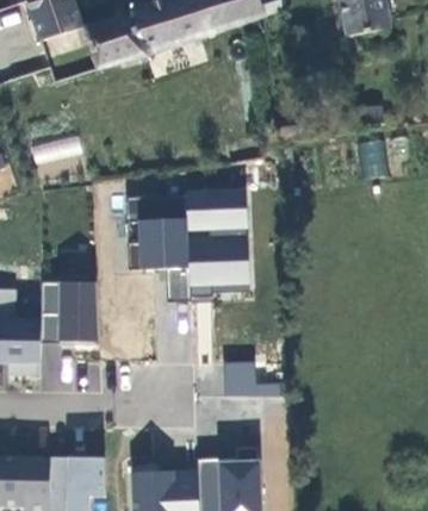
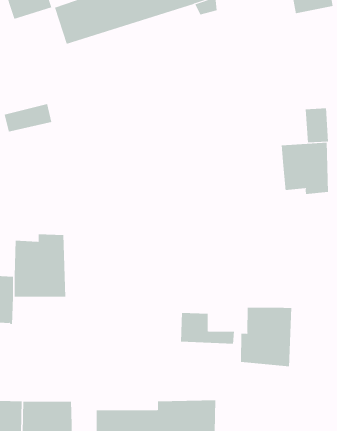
building: none -> [281,142,328,195]
building: [137,193,248,289] -> none
building: none -> [240,307,292,367]

